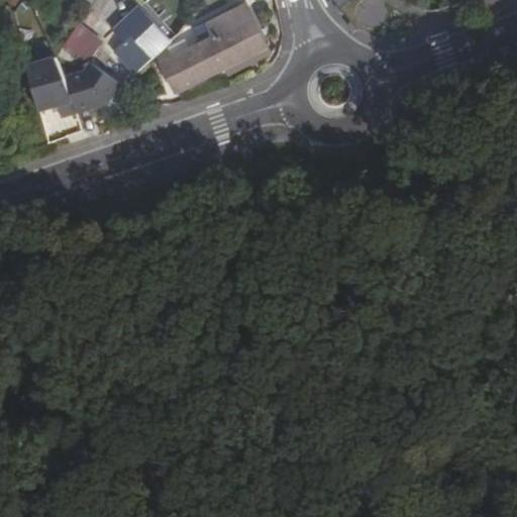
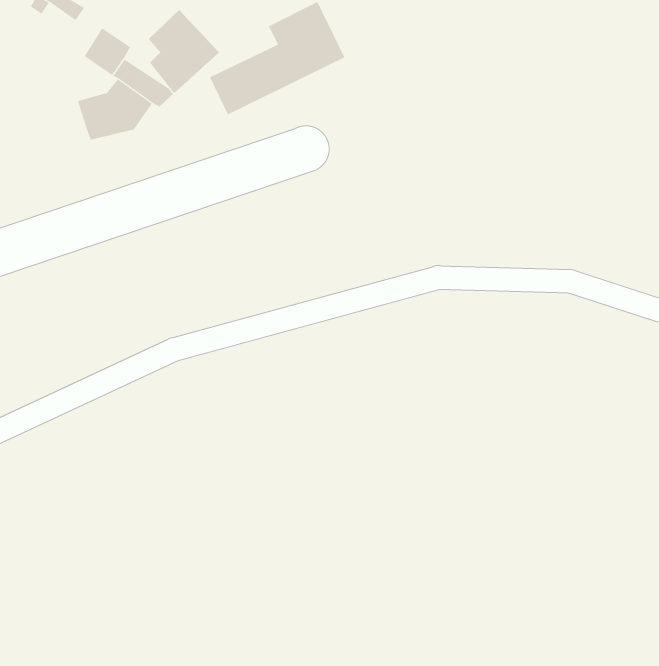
building: [20,56,67,110] -> none

